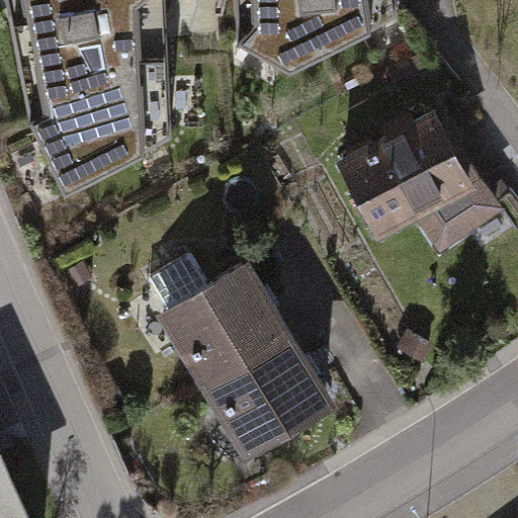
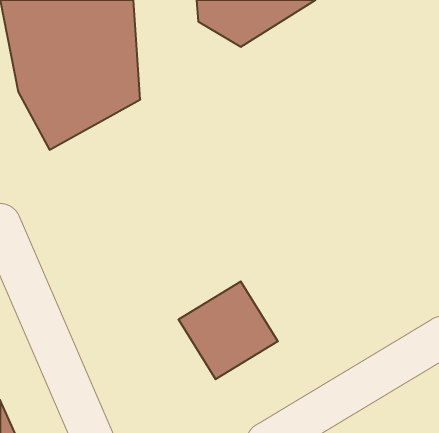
building: [347,122,497,252] -> none
building: [151,261,285,384] -> none

